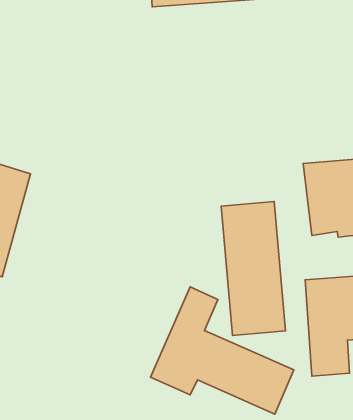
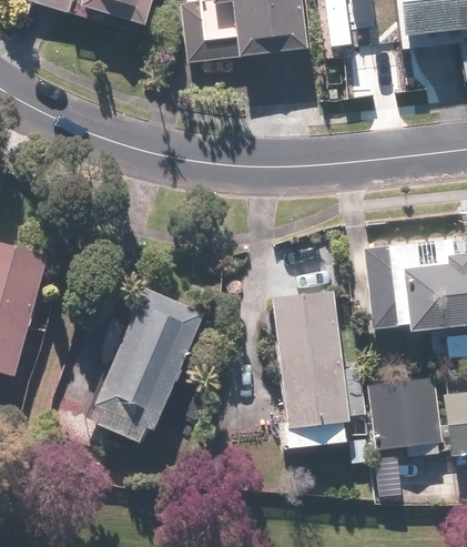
building: none -> [60,283,203,440]
building: [150,287,294,414] -> none

